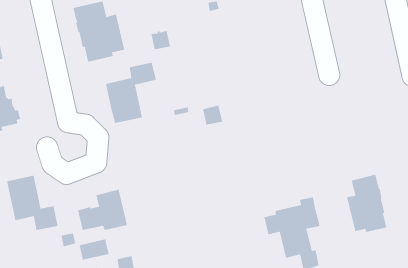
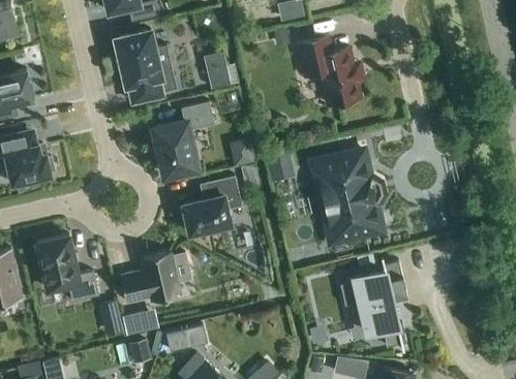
building: none -> [297,36,371,105]
building: none -> [312,151,384,243]
building: none -> [180,177,242,234]
building: [346,174,387,233] -> none

